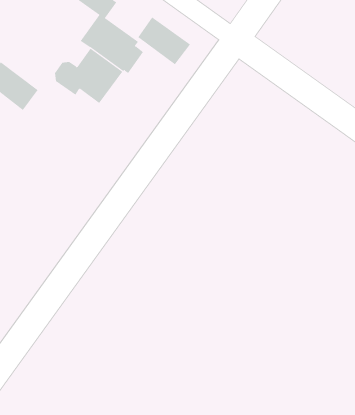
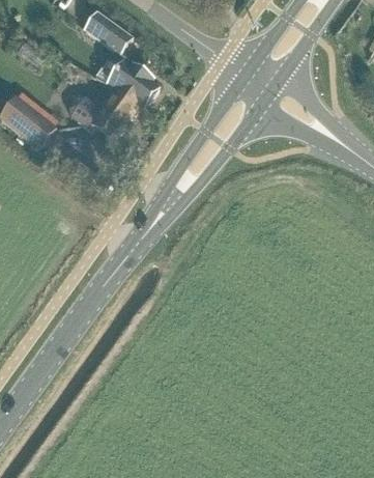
building: [137,17,191,65] -> none

